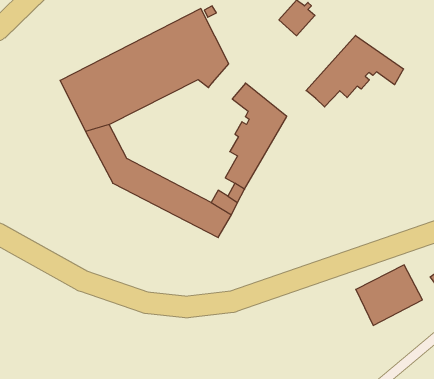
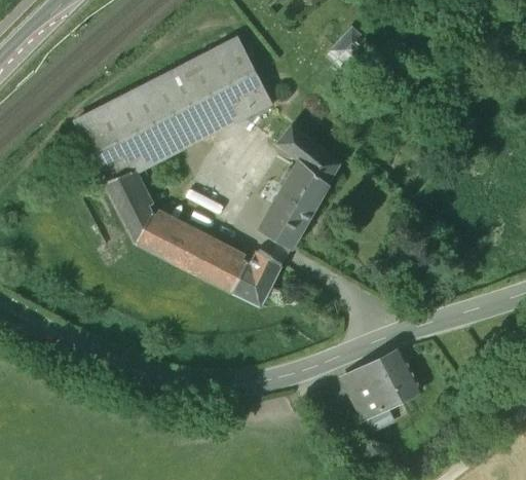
building: [306,35,404,107] -> none
building: [356,265,422,325] -> [342,349,420,420]

